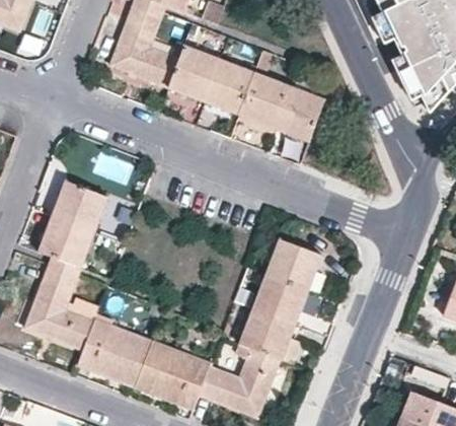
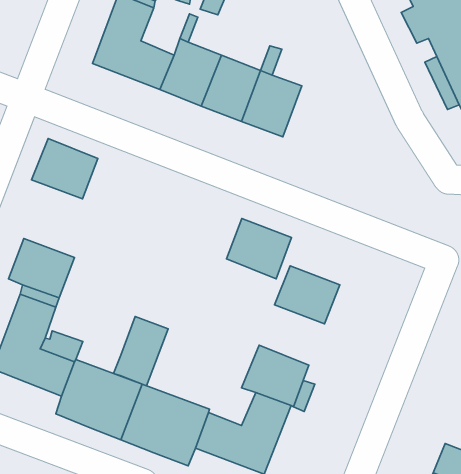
building: [273,84,324,142] -> none
building: [51,180,107,231] -> [31,138,98,199]
building: [252,272,308,324] -> [226,219,291,279]
building: none -> [113,316,168,386]

